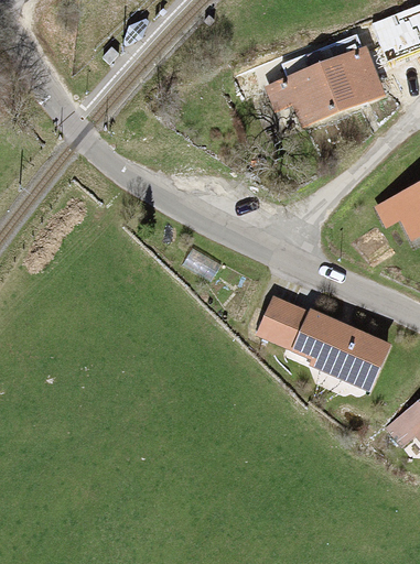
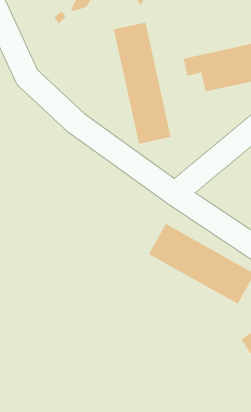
building: none -> [113,22,171,145]

